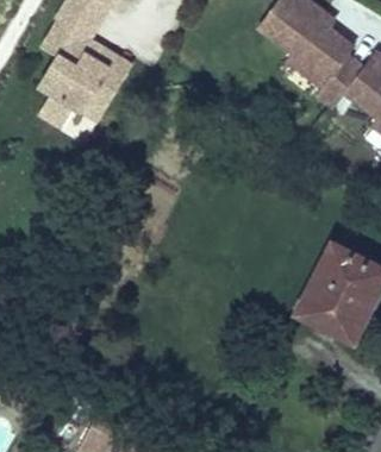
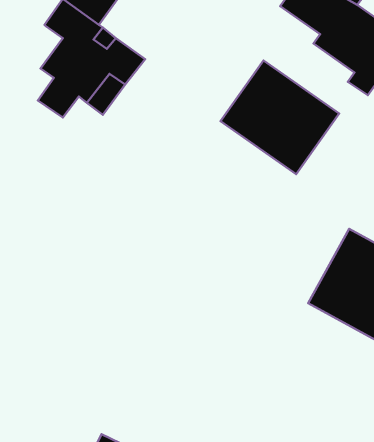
building: none -> [221,60,339,174]

